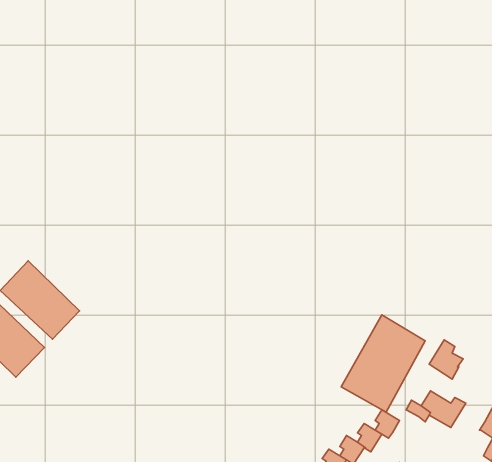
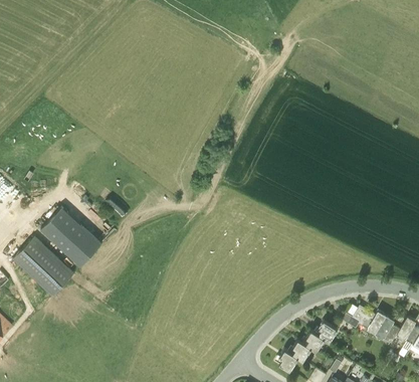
building: [341,315,425,412] -> none
building: [429,340,463,379] -> [374,315,399,344]

